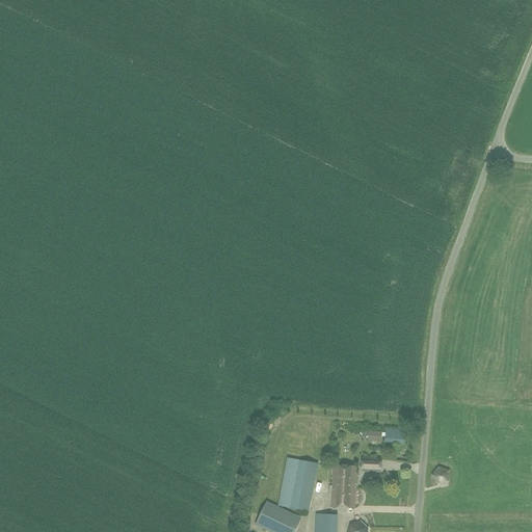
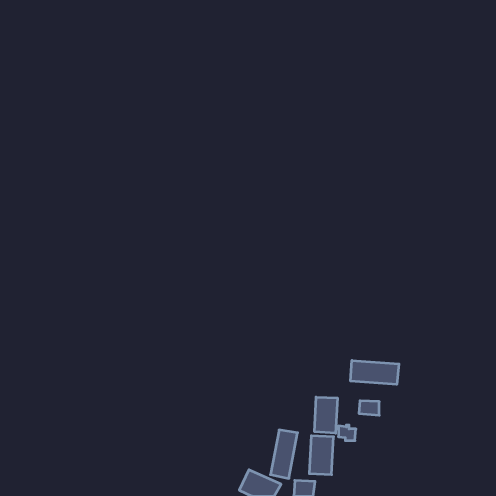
building: none -> [351,360,399,384]
building: none -> [315,397,337,433]

